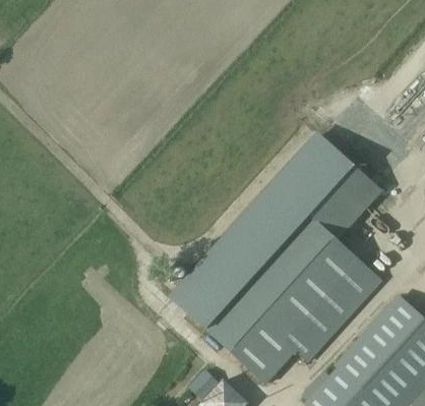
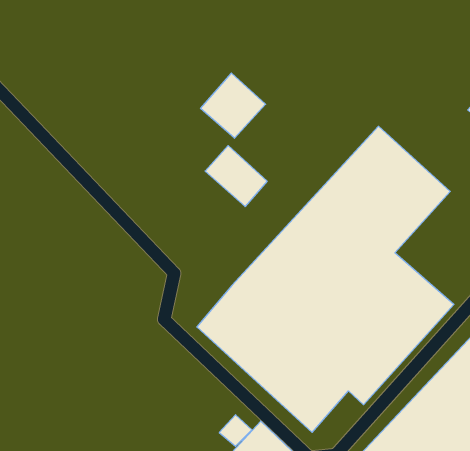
building: none -> [201,73,266,138]
building: none -> [205,146,267,207]

